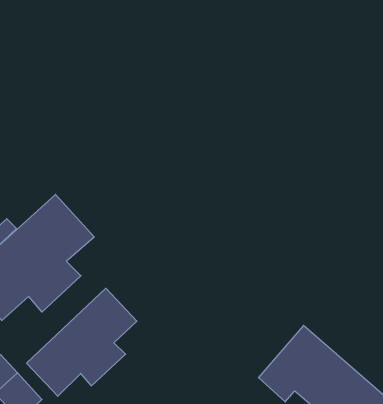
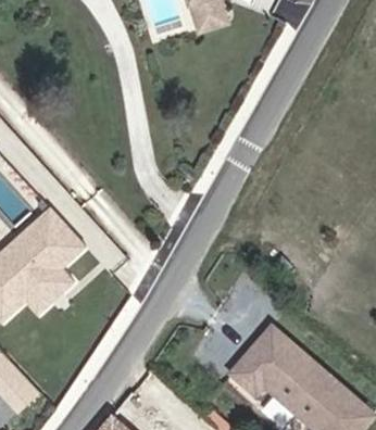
building: [27,288,137,396] -> none

